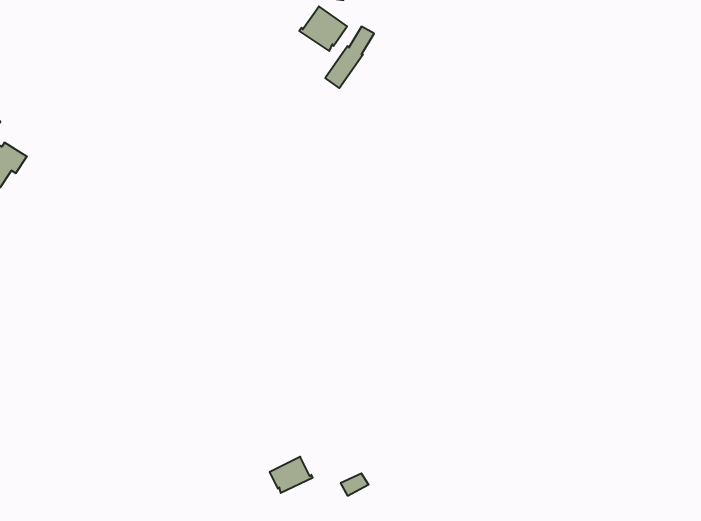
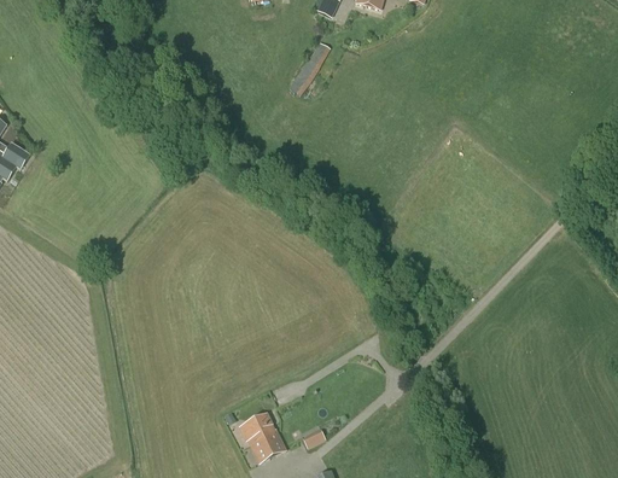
building: [299,6,347,51] -> none
building: none -> [249,431,285,462]

